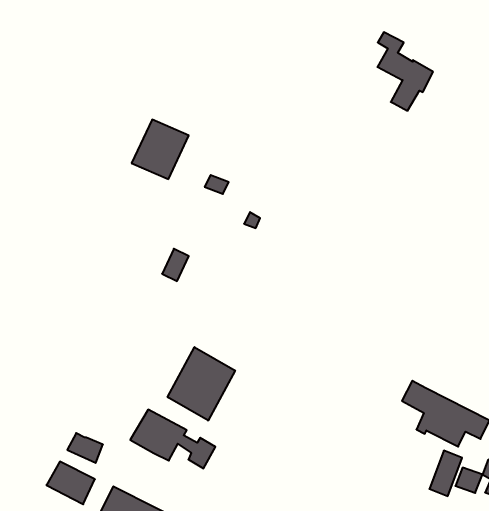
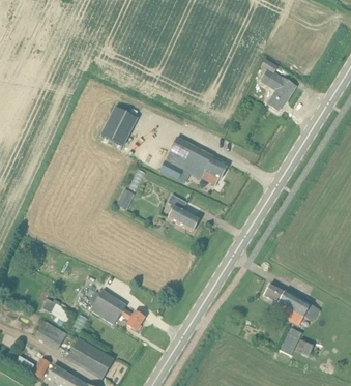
building: none -> [165,136,228,183]
building: none -> [167,194,200,230]
building: [168,347,235,421] -> none

